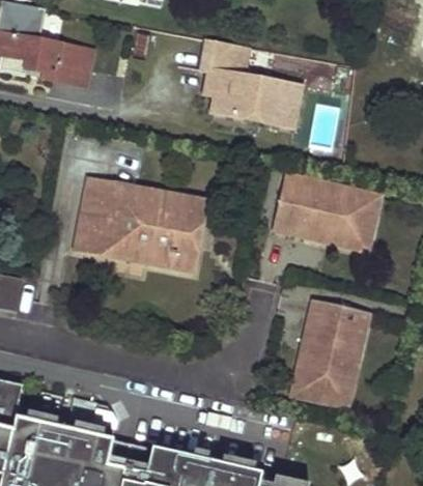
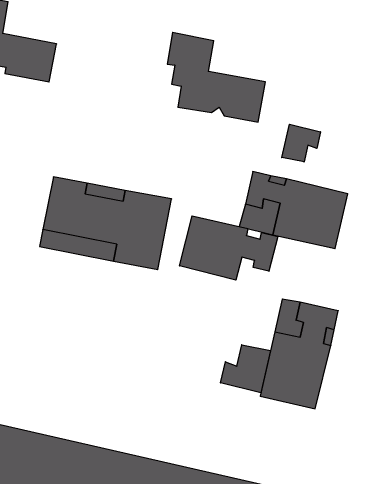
building: none -> [282,124,320,162]
building: none -> [180,216,278,280]
building: none -> [221,345,271,393]

